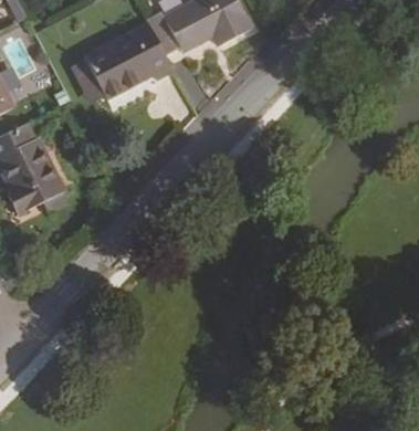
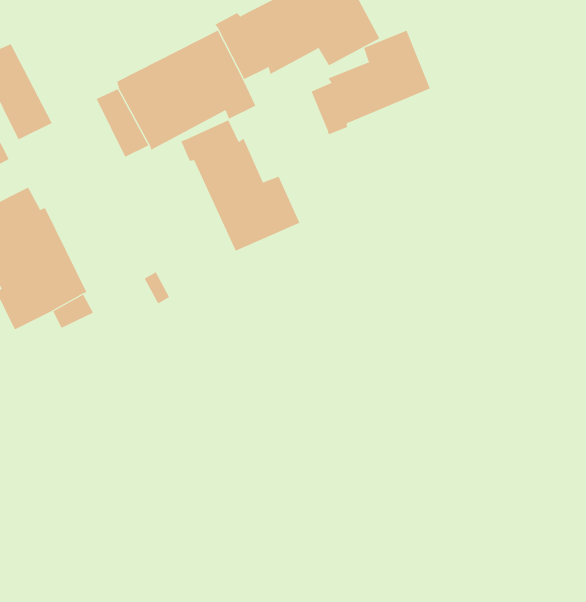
building: none -> [311,30,430,135]
building: none -> [181,120,300,252]

